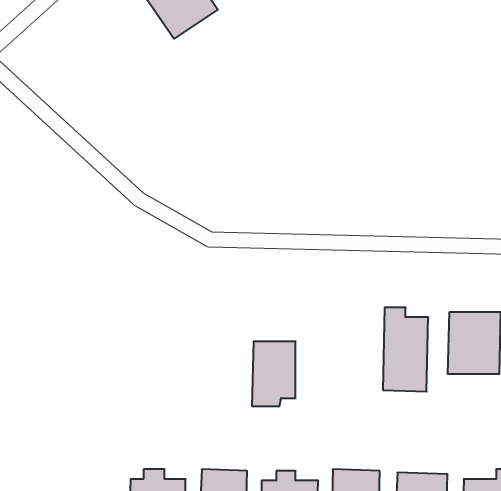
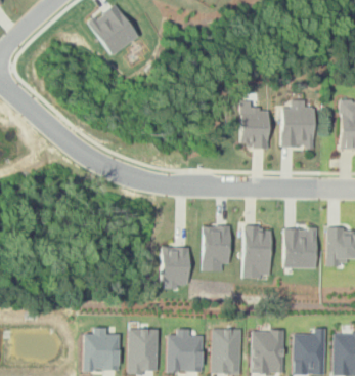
building: none -> [281,99,314,150]
building: none -> [239,100,268,147]
building: none -> [202,225,230,270]

